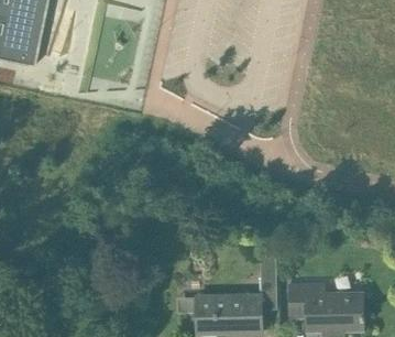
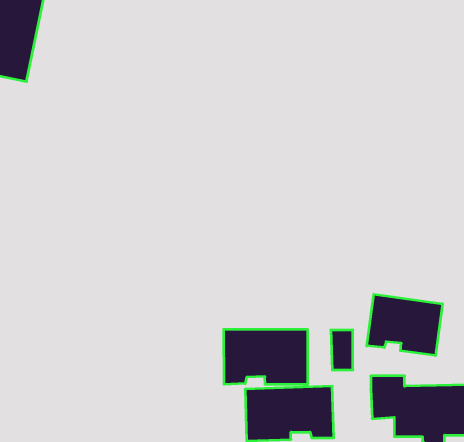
building: none -> [367,294,442,356]
building: none -> [224,329,308,384]

